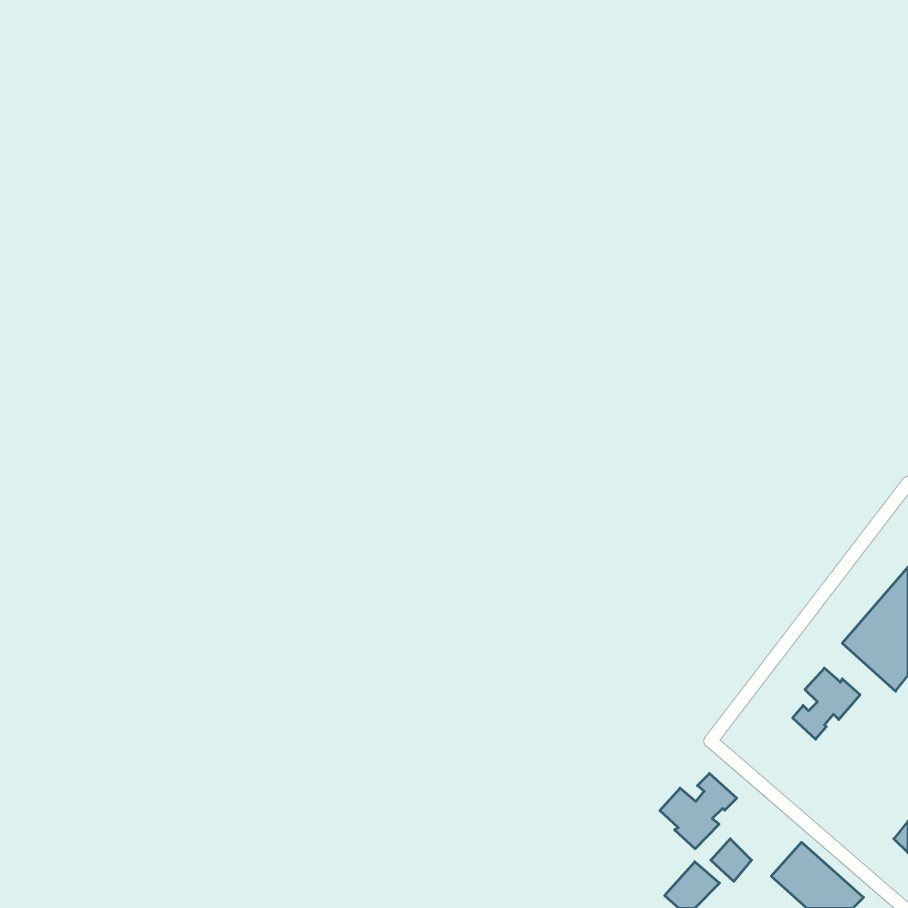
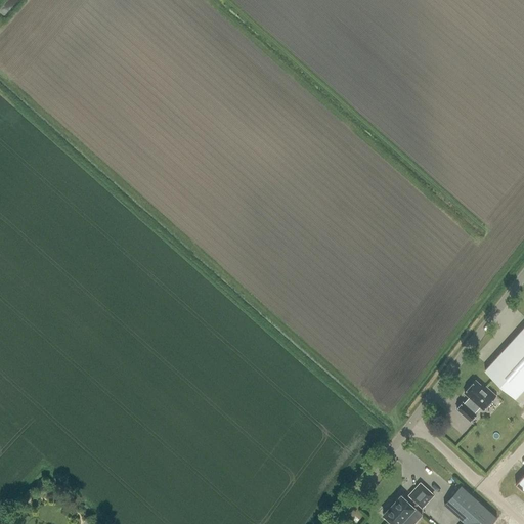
building: [660,773,737,849] -> none

